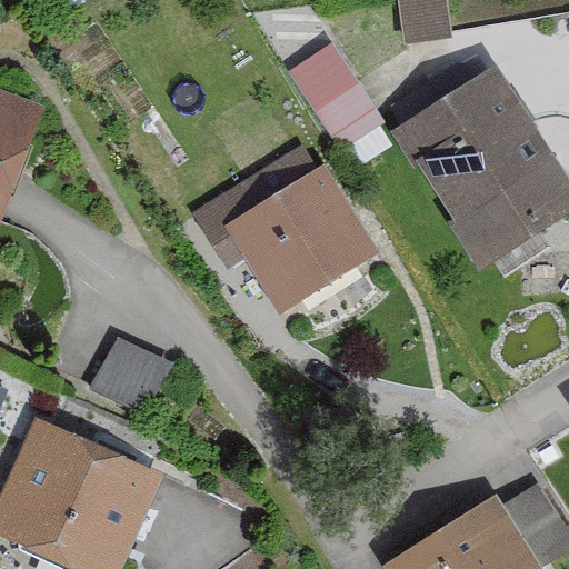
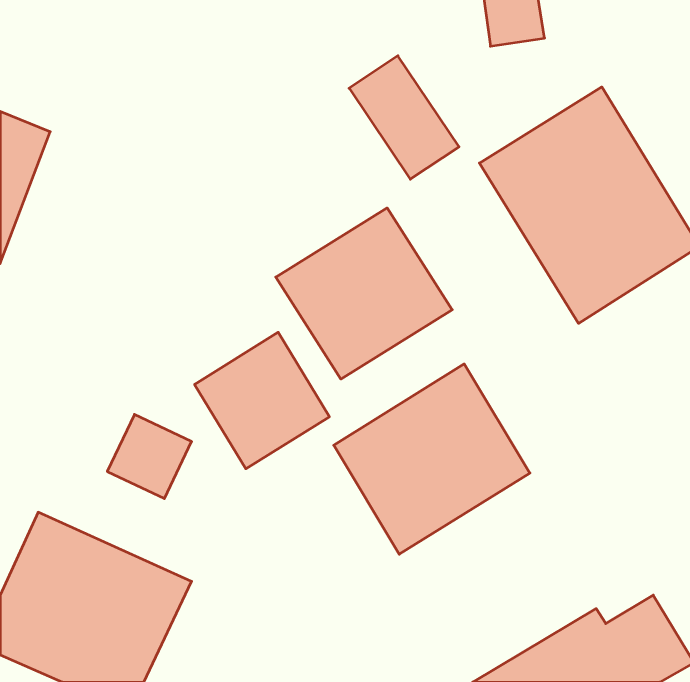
building: none -> [195,332,329,469]
building: none -> [334,364,530,554]

